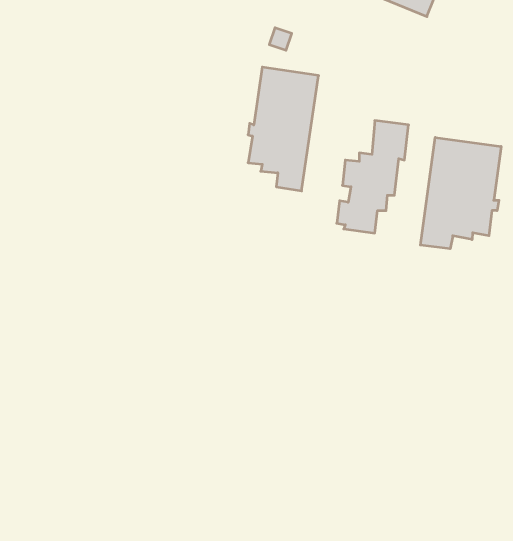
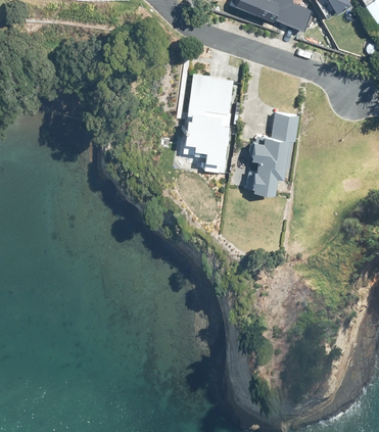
building: [420,137,501,249] -> none

